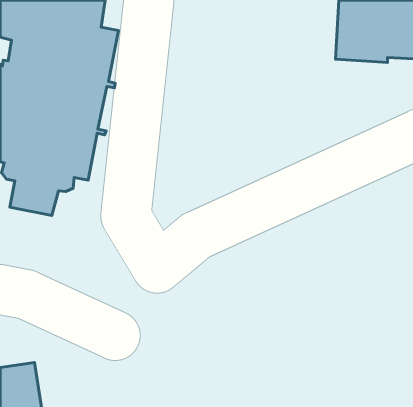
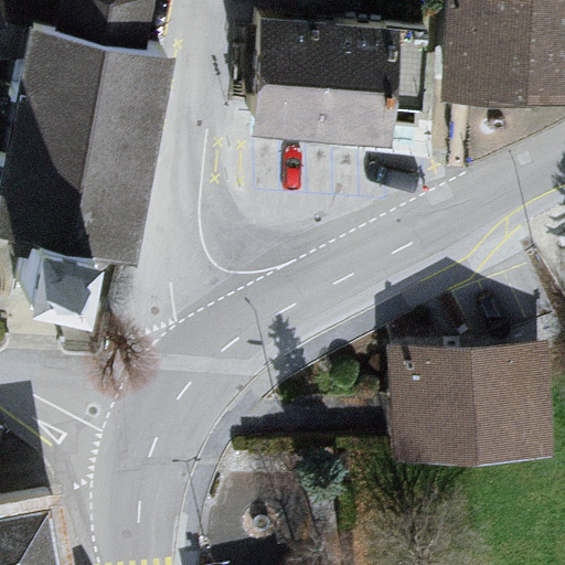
building: none -> [255,23,429,136]
building: none -> [408,363,543,455]

